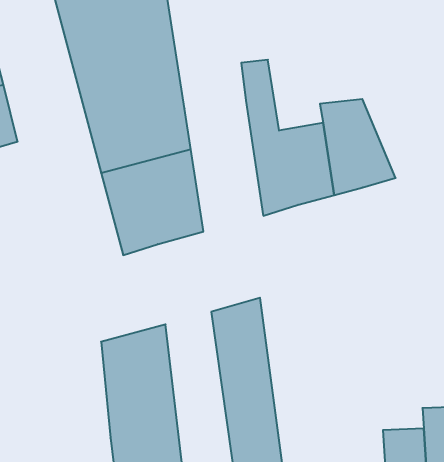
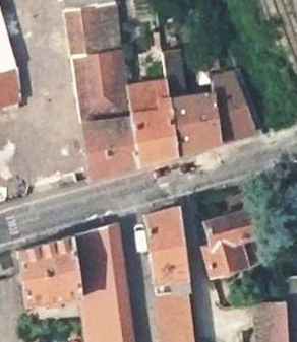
building: none -> [127,80,178,164]
building: none -> [202,210,260,275]
building: none -> [19,235,79,309]

